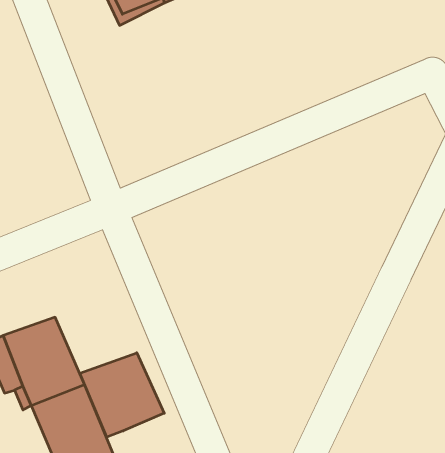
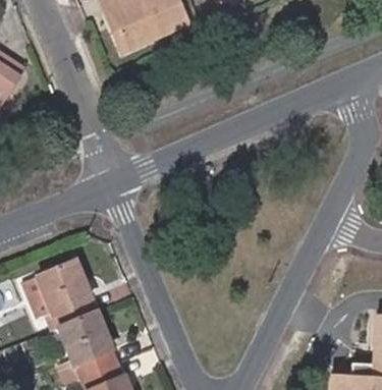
building: [80,353,164,437] -> none

